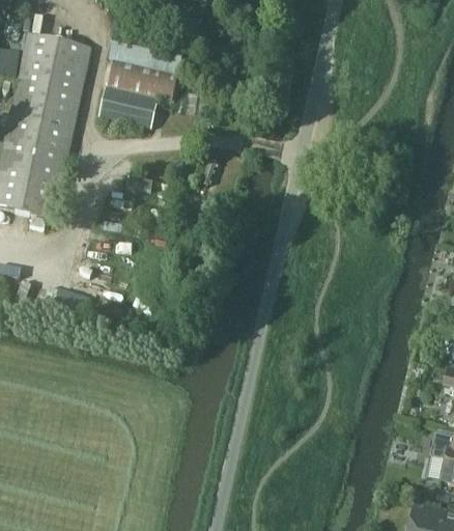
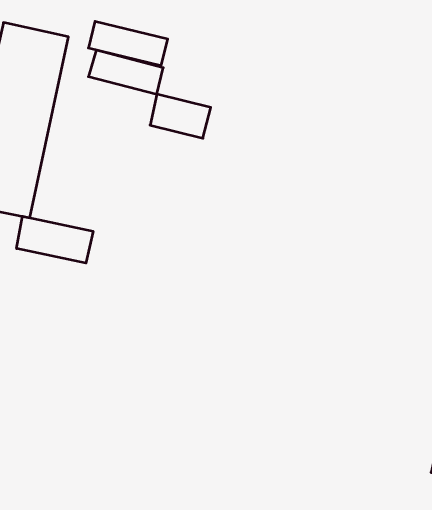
building: [100,84,157,125] -> [150,94,211,138]
building: none -> [17,216,93,263]

